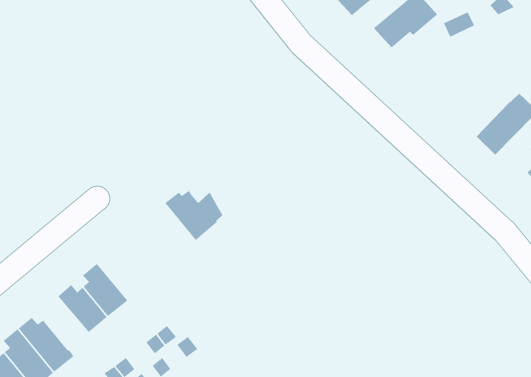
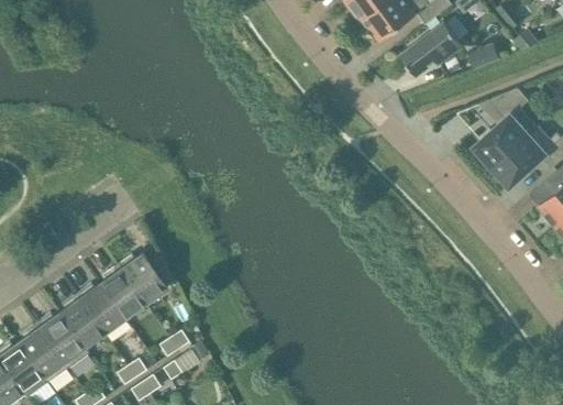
building: none -> [475,88,538,166]
building: [165,189,223,241] -> [117,252,173,303]
building: none -> [60,294,103,347]

